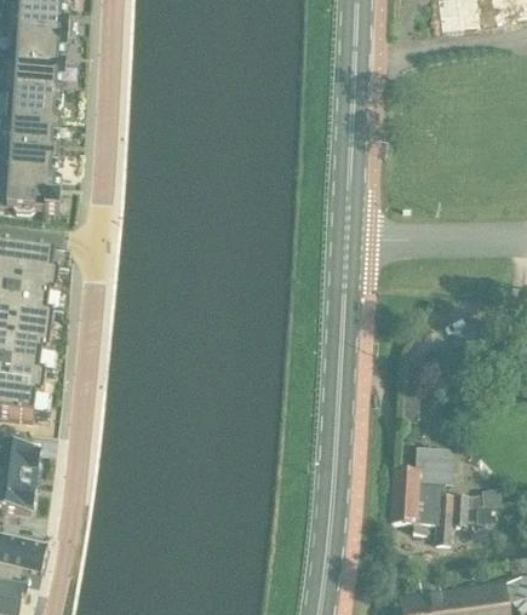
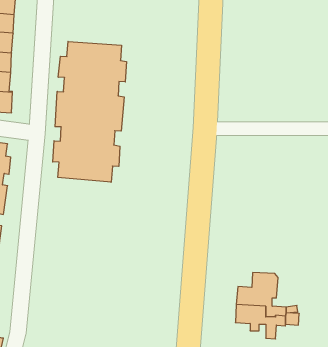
building: none -> [53,41,126,182]

